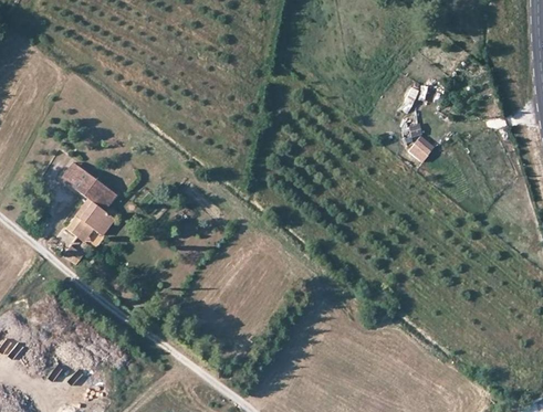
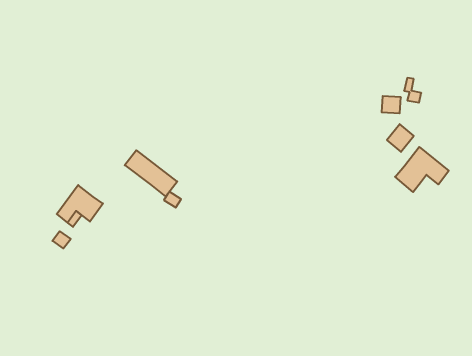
building: none -> [395,147,449,192]
building: [62,162,116,210] -> [125,150,177,196]

